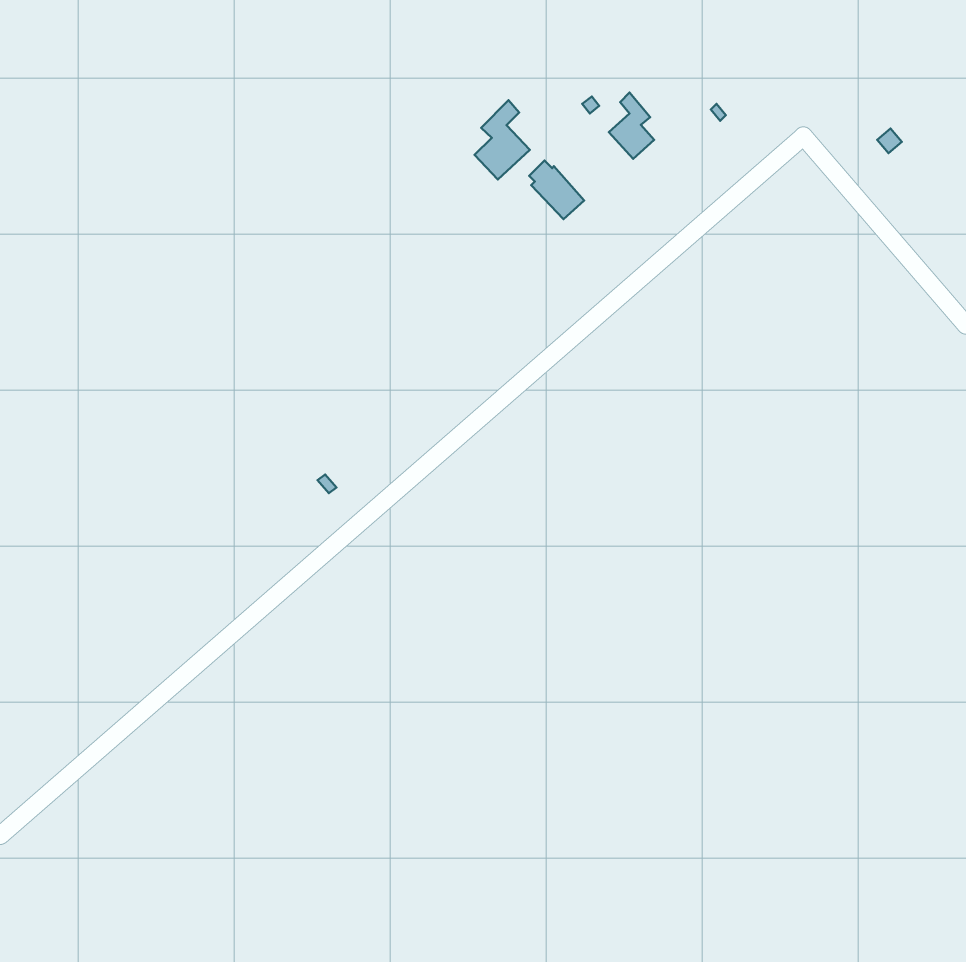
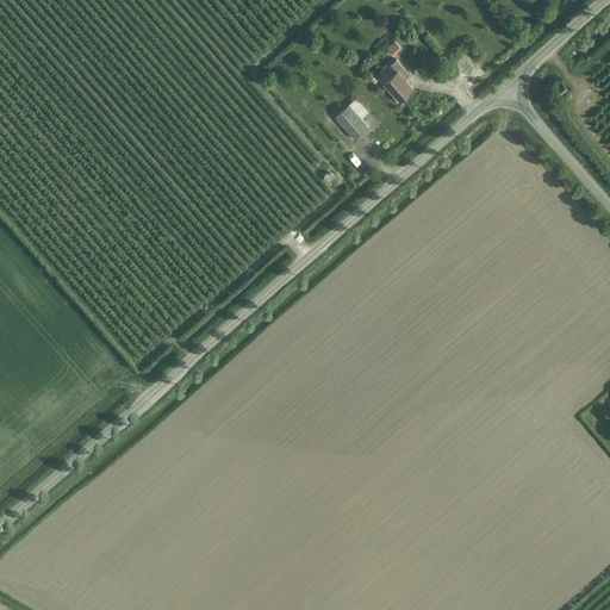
building: [475,100,530,180] -> none

